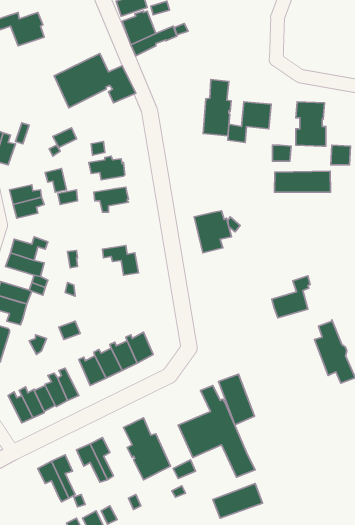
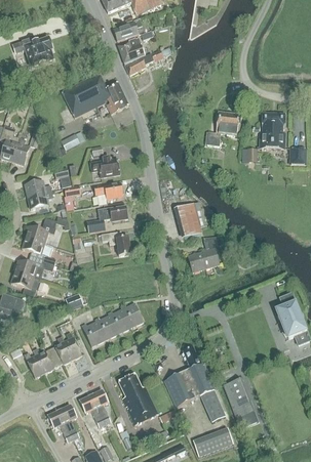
building: [203,80,231,136] -> none
building: [274,171,330,192] -> none
building: none -> [86,205,126,232]
building: [272,276,310,318] -> [188,237,220,271]
building: [219,374,255,425] -> [223,378,252,420]

